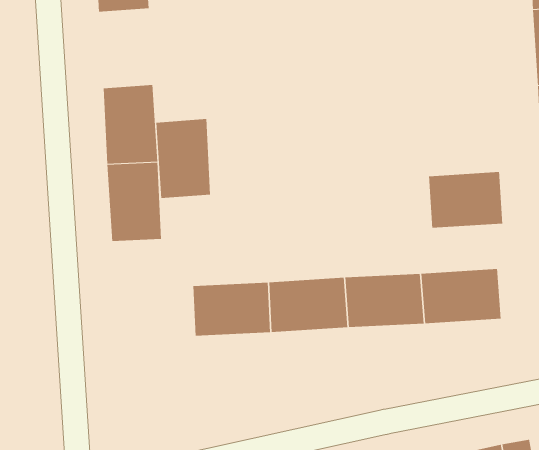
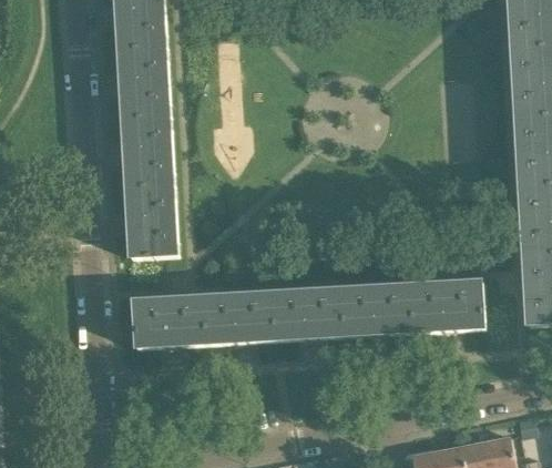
building: [156,119,211,198] -> [119,47,168,119]
building: [429,171,503,229] -> none
building: none -> [134,297,206,347]

